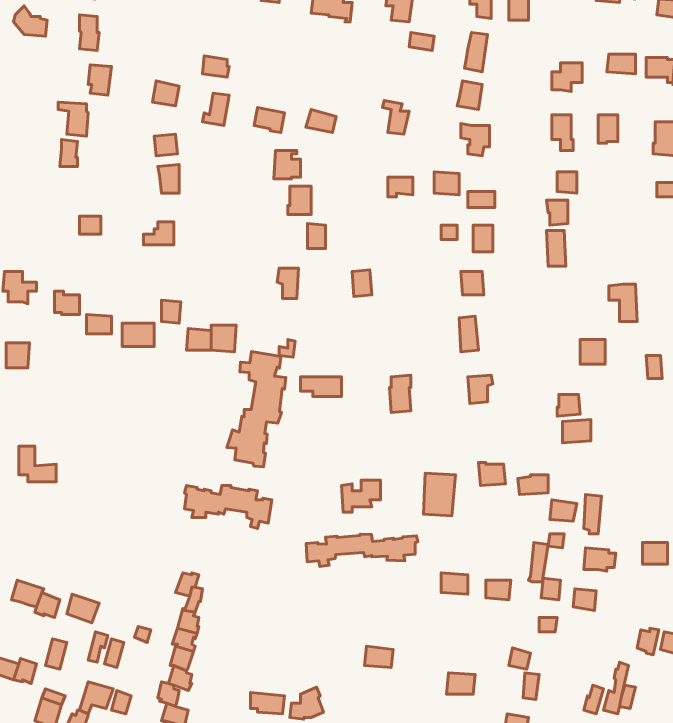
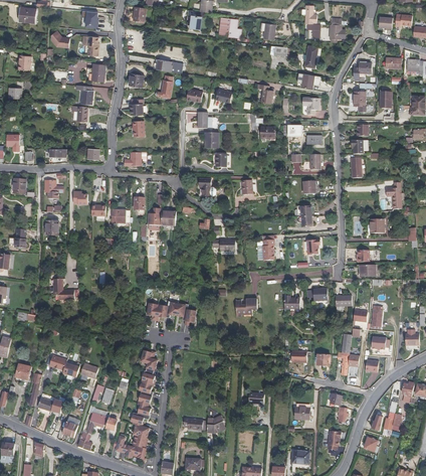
building: [227,351,286,467] -> none
building: [306,534,418,566] -> none

